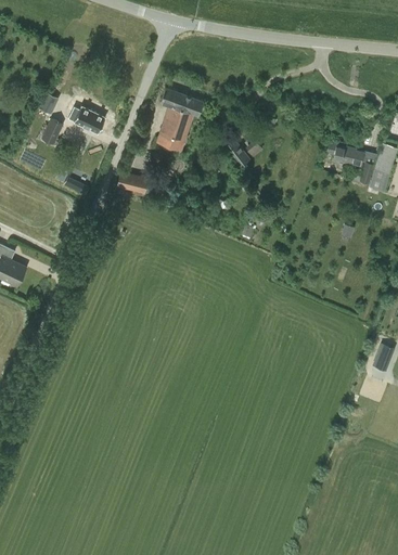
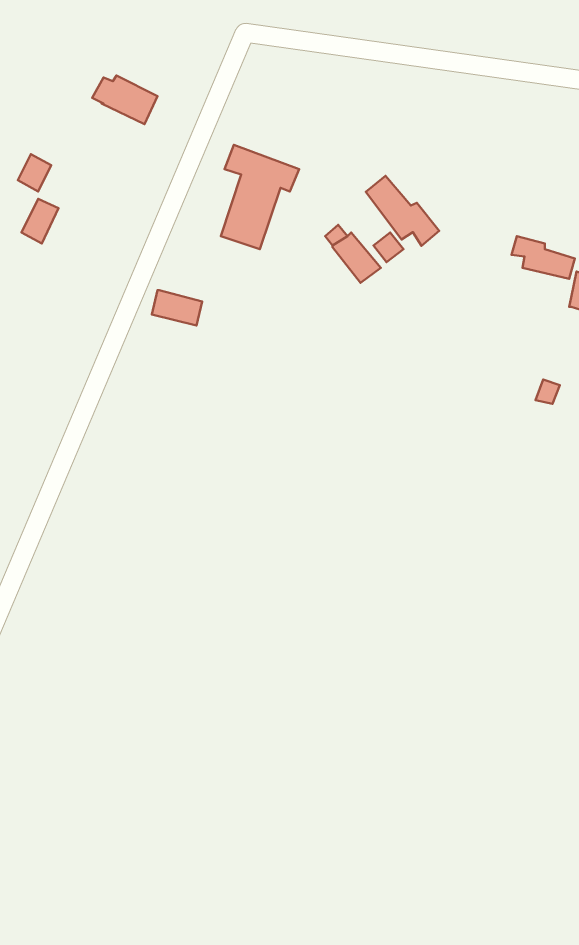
building: [65,104,103,132] -> [92,76,157,124]
building: none -> [366,176,439,246]

